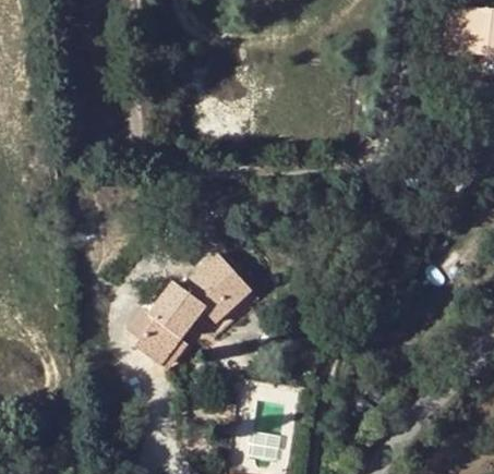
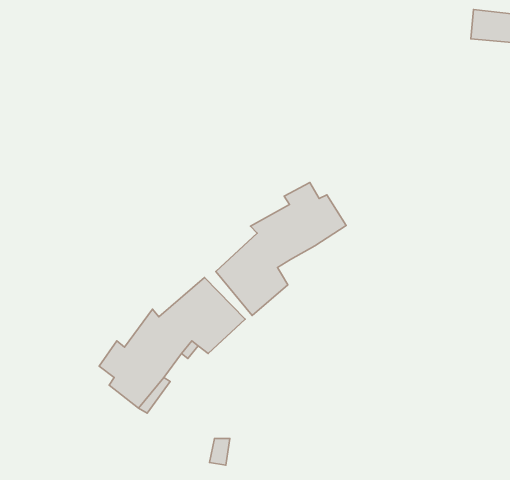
building: none -> [216,183,346,316]

